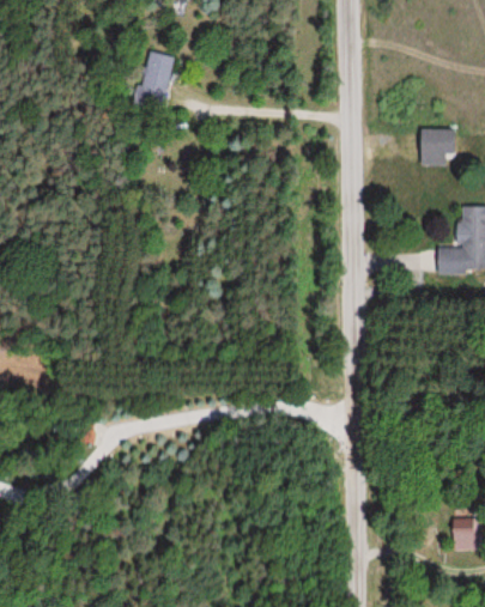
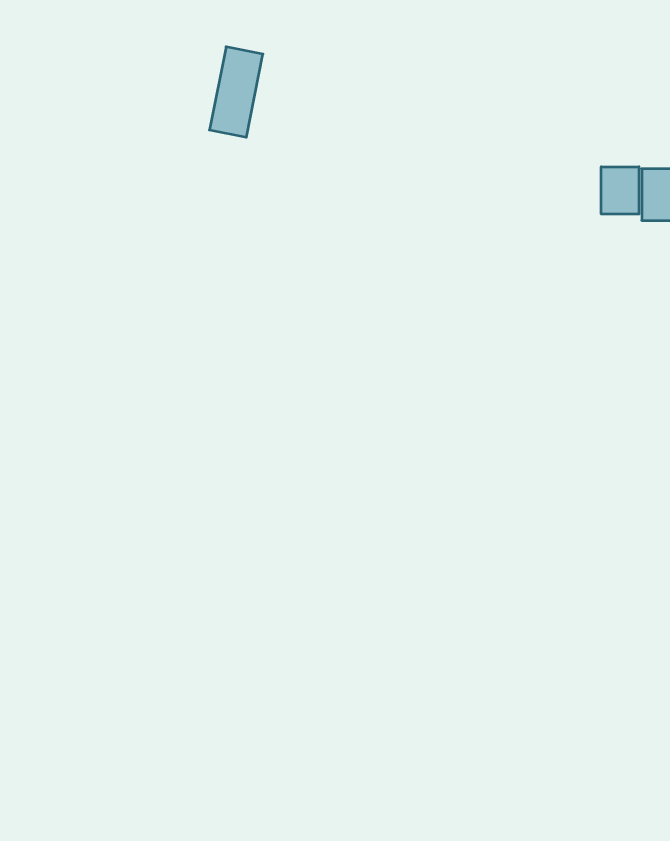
building: none -> [601,167,639,214]

